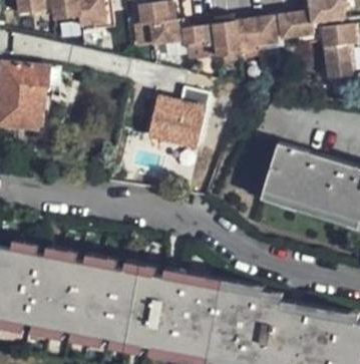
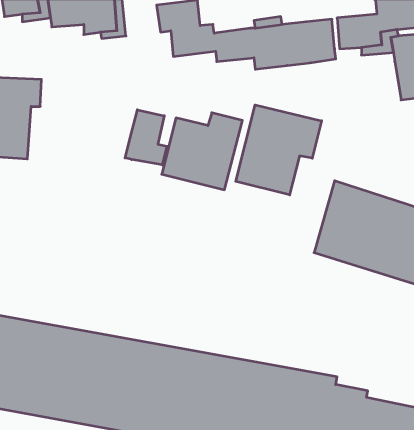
building: none -> [236,105,322,195]
building: none -> [125,110,167,165]

